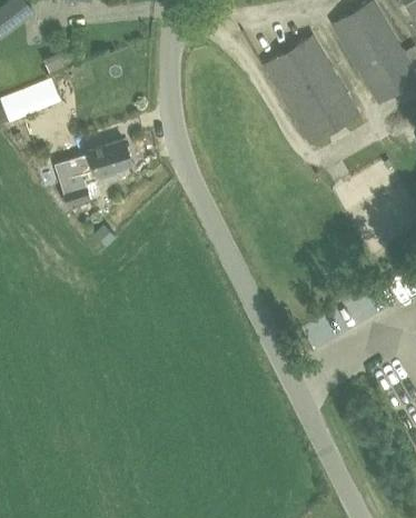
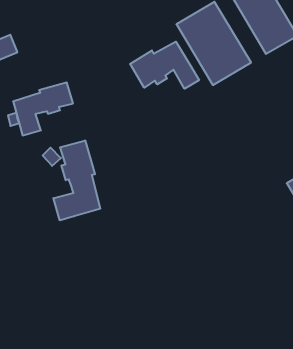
building: none -> [130,42,199,89]
building: none -> [53,140,100,220]

